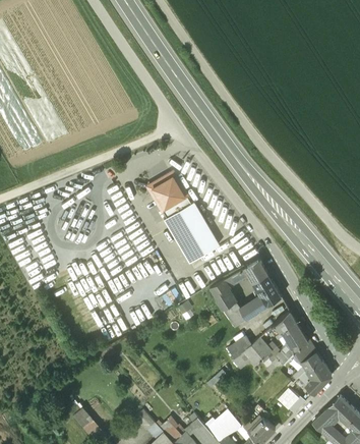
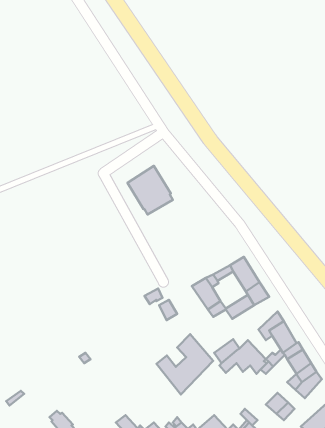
building: [163,202,218,263] -> none
building: none -> [157,334,213,394]

